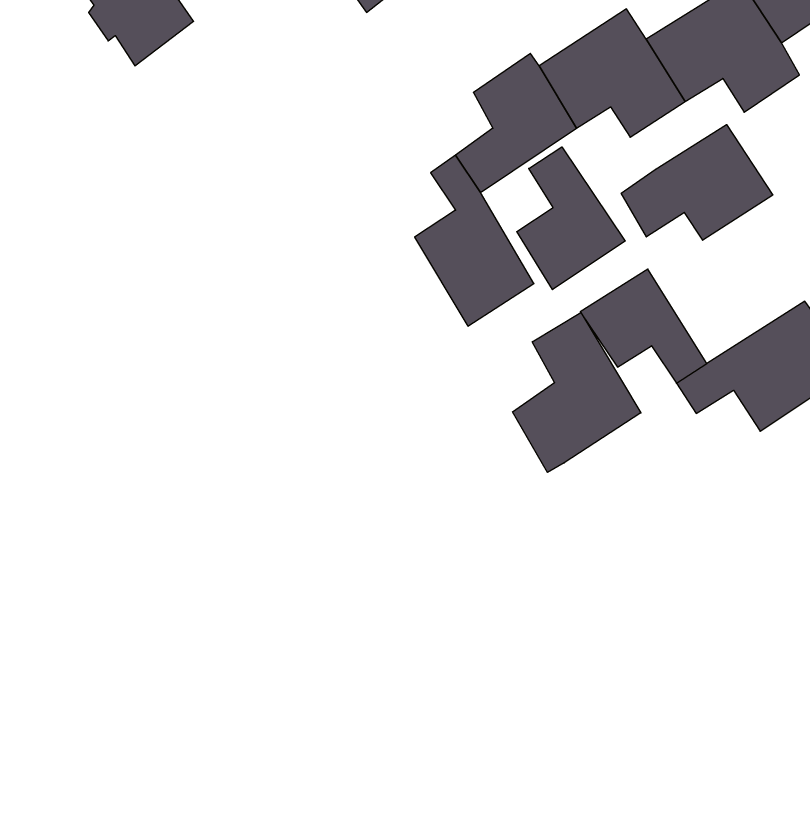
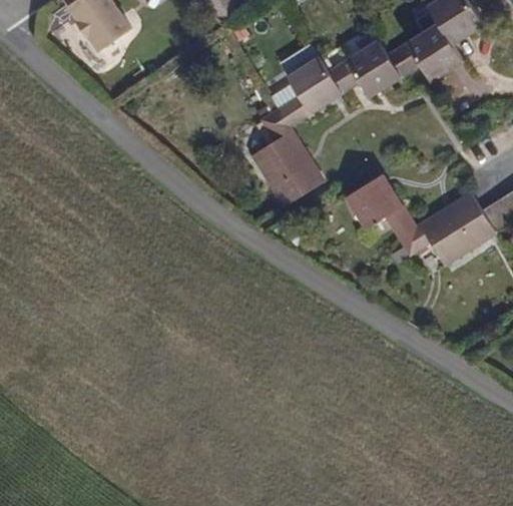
building: [621,125,773,240] -> none
building: [517,147,625,290] -> none
building: [513,313,641,472] -> none

